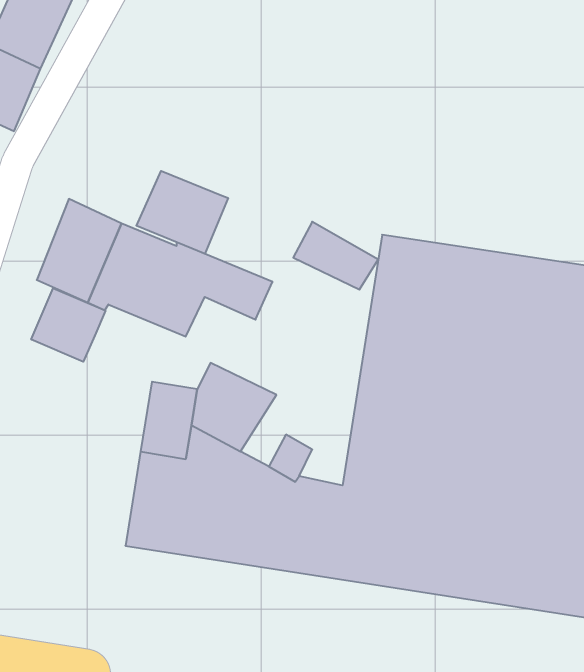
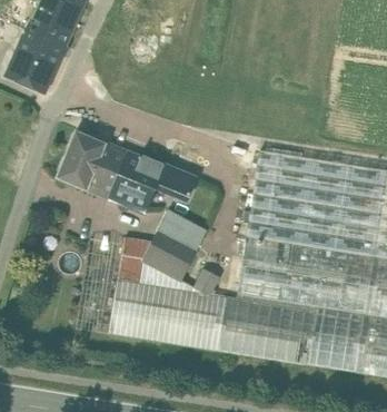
building: [136,171,228,254] -> none
building: [293,222,378,290] -> [159,205,209,245]
building: [31,288,105,362] -> none

